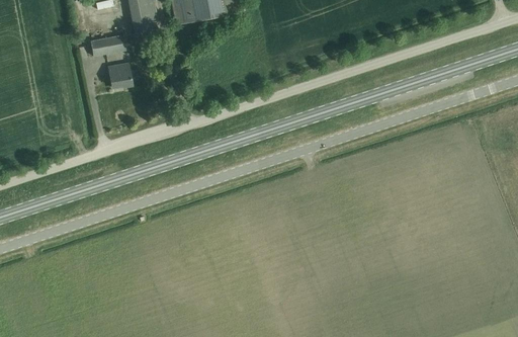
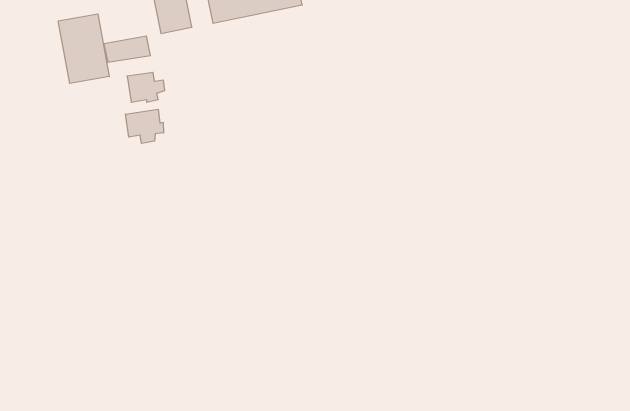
building: none -> [58,14,109,83]
building: none -> [125,109,164,143]

